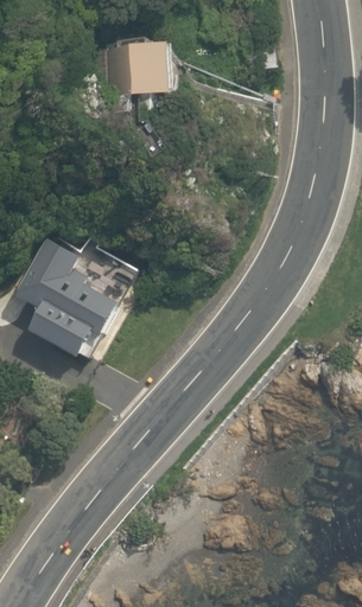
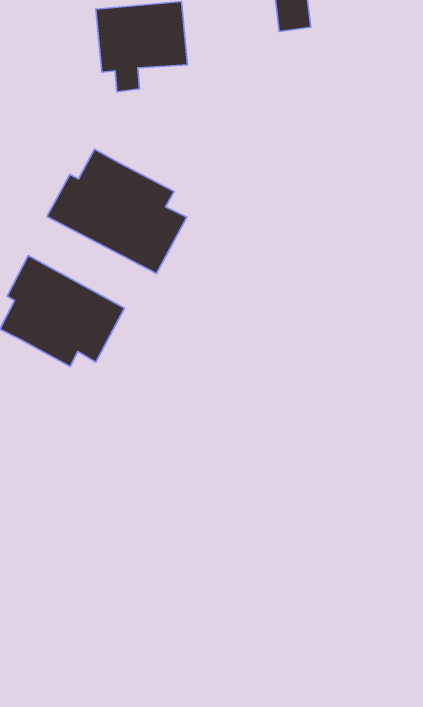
building: none -> [47,149,187,273]

